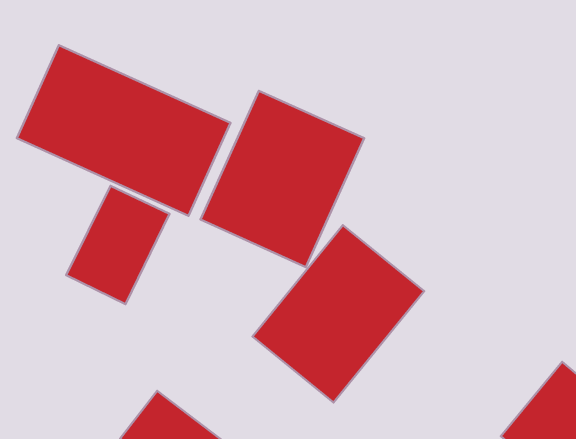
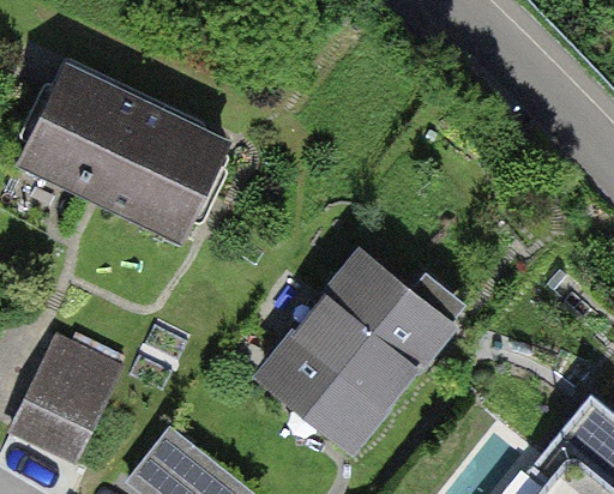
building: [200,91,364,267] -> none
building: [66,186,170,304] -> [11,336,118,458]

